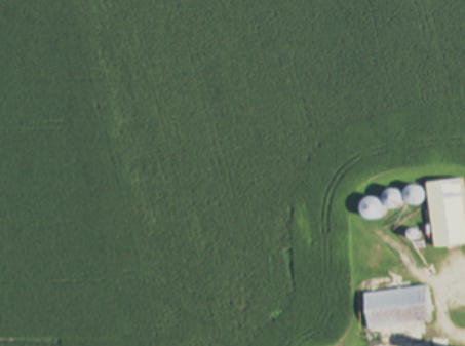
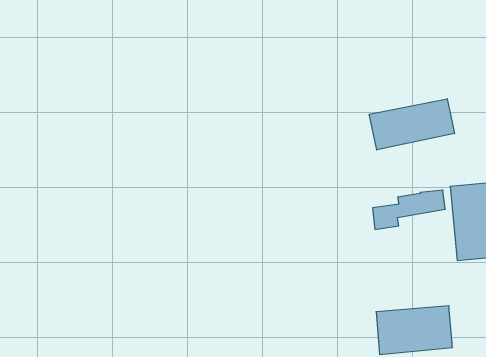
building: none -> [369,99,454,150]

